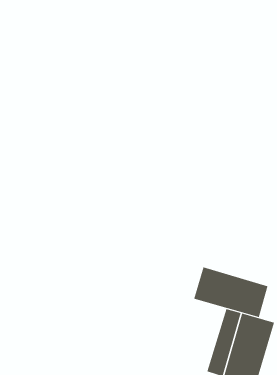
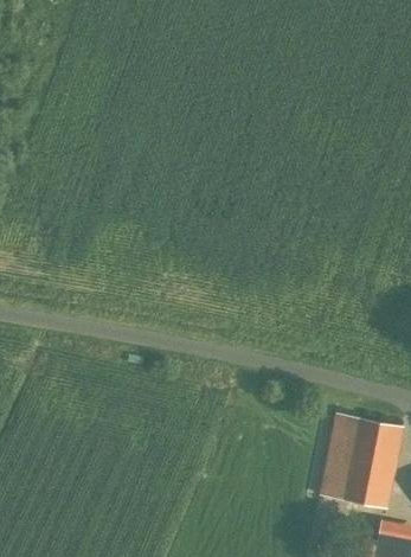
building: [193,266,268,318] -> none

